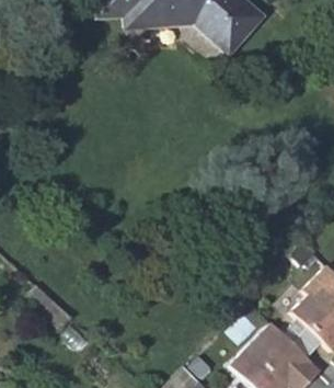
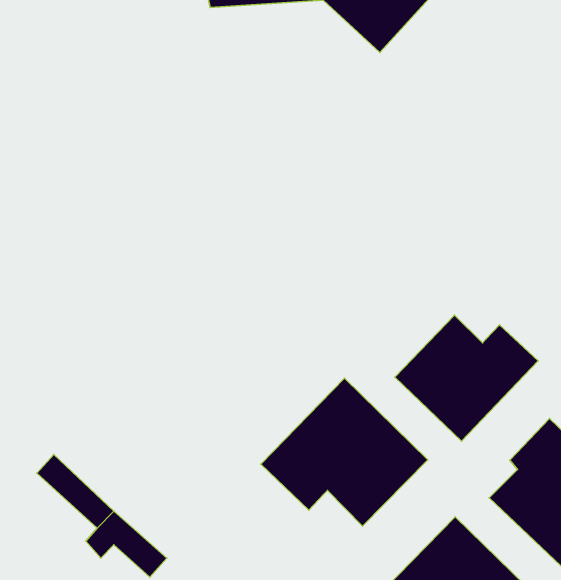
building: none -> [395,315,538,441]
building: none -> [261,378,428,526]

